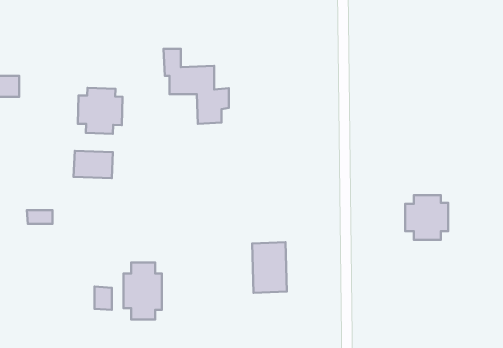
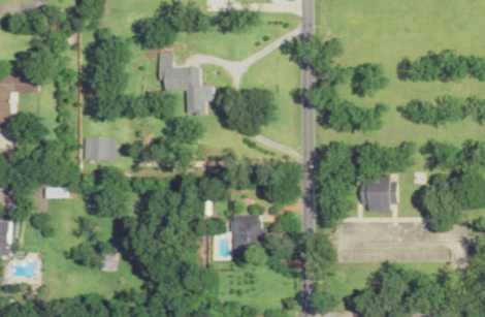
building: [78,88,123,134] -> none
building: [124,263,162,319] -> none

